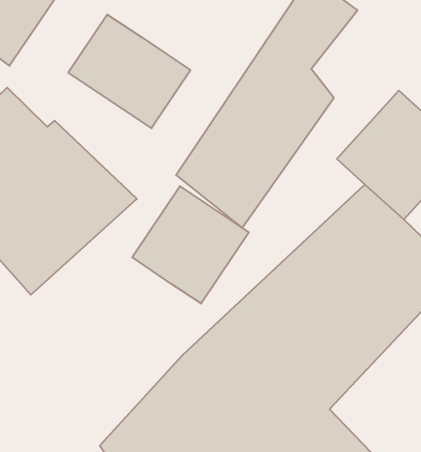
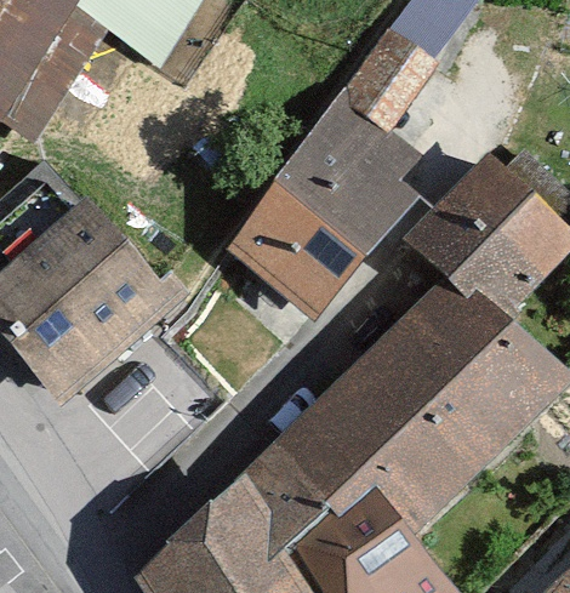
building: [68,14,190,128] -> none
building: [132,186,249,304] -> none

